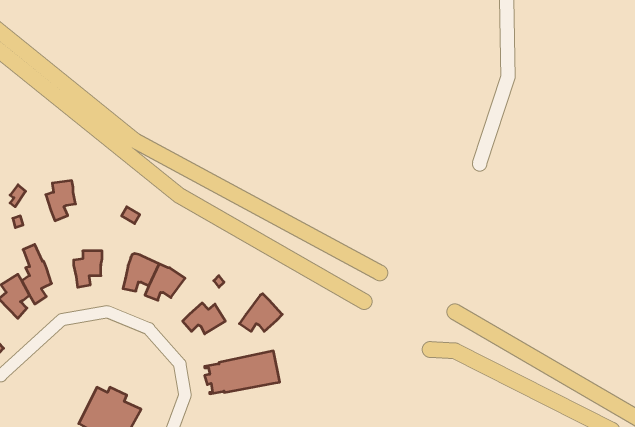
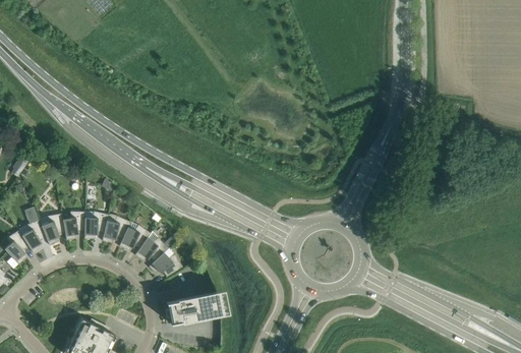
building: [46,181,76,221] -> [41,215,64,246]
building: none -> [83,212,108,240]
building: [239,294,282,331] -> [133,233,167,262]

